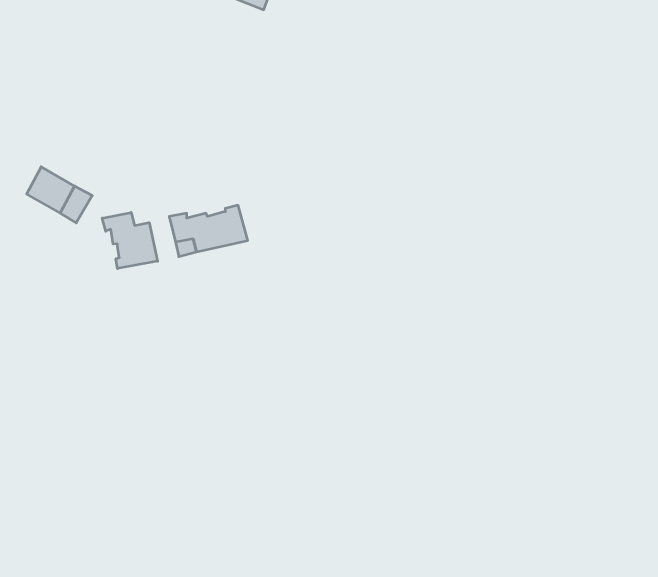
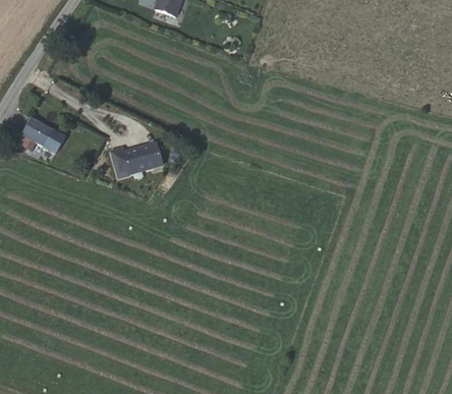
building: [102,212,158,269] -> none

